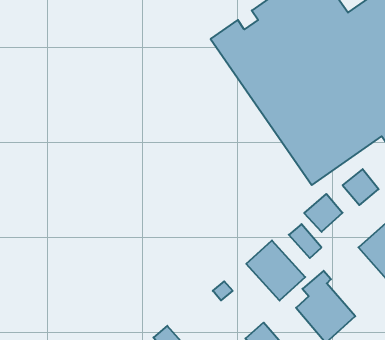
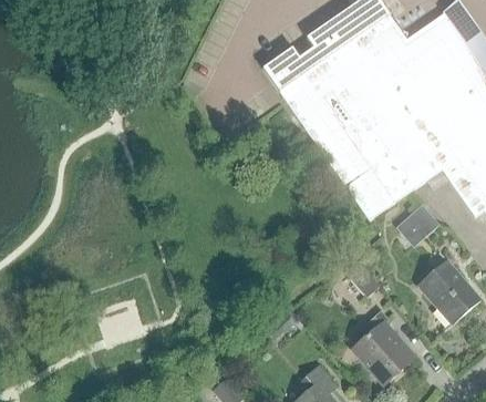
building: [304,194,343,232] -> none
building: [246,240,305,301] -> none

